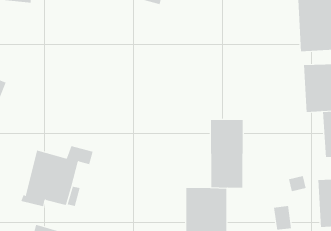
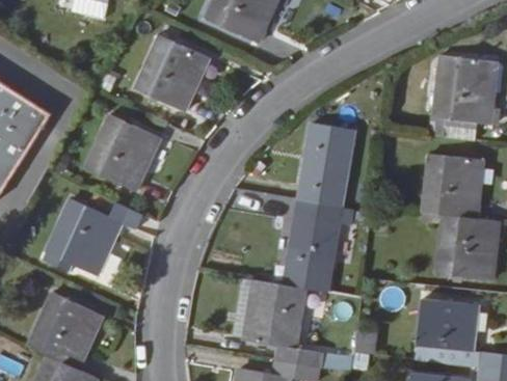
building: none -> [138,36,213,114]
building: none -> [298,124,353,207]
building: none -> [88,116,162,192]

